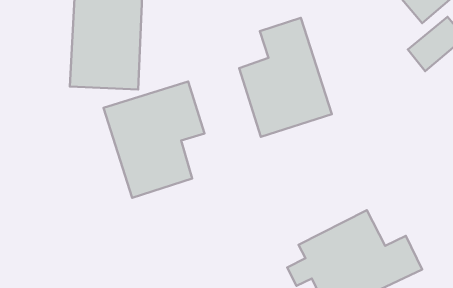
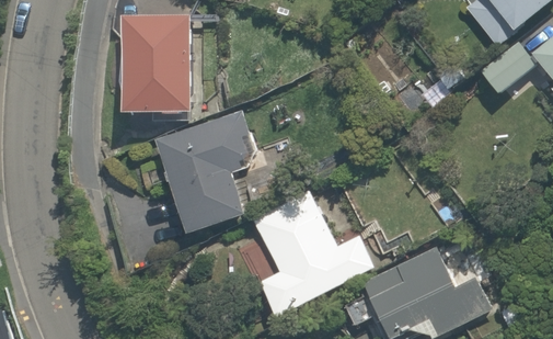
building: [239,18,332,137] -> none
building: none -> [255,208,376,315]

